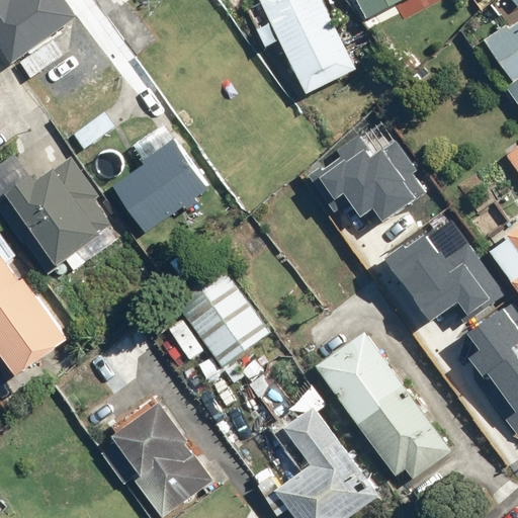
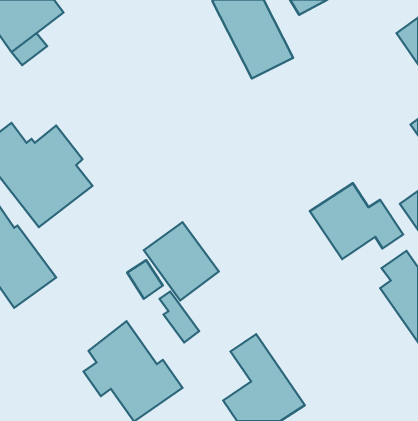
building: [319,137,419,213] -> none
building: [111,138,208,232] -> none
building: [316,333,451,481] -> none

